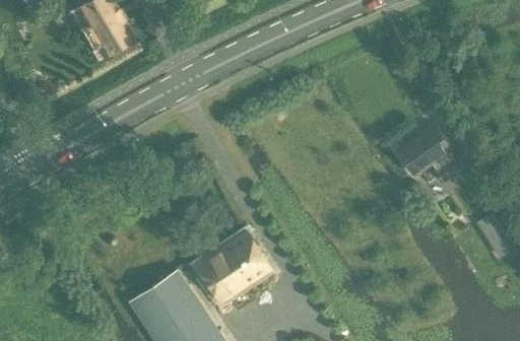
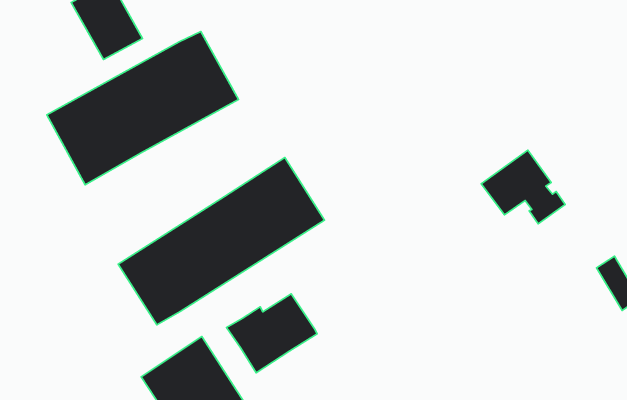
building: none -> [47,31,238,185]
building: none -> [118,157,324,325]

